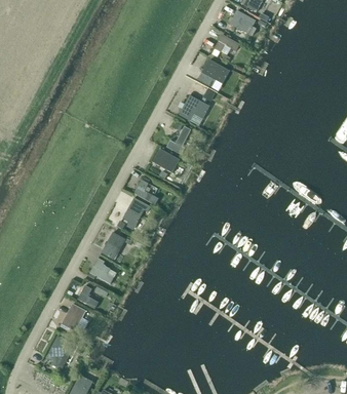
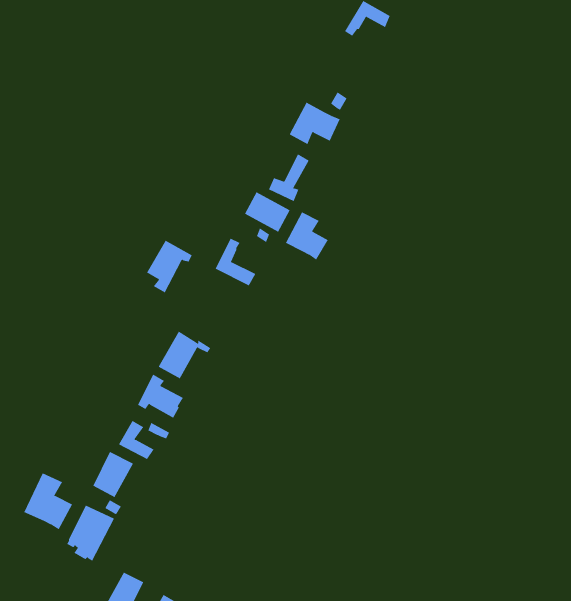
building: [198,58,230,86] -> none
building: none -> [285,211,328,260]
building: [122,197,150,229] -> [146,240,193,293]
building: none -> [23,473,73,530]

